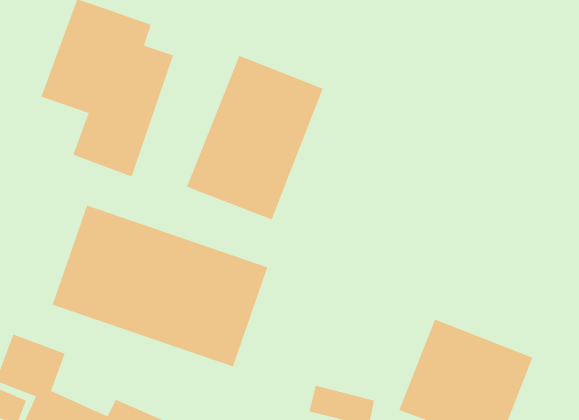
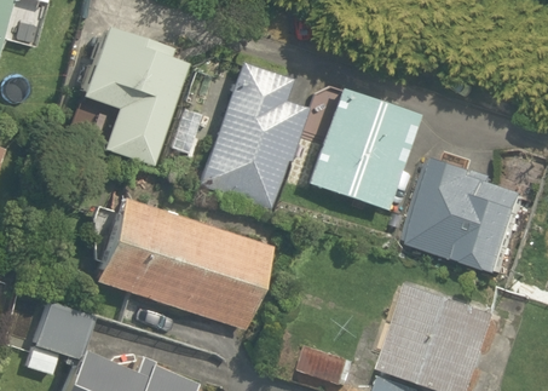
building: none -> [306,87,420,212]
building: none -> [406,165,526,274]

